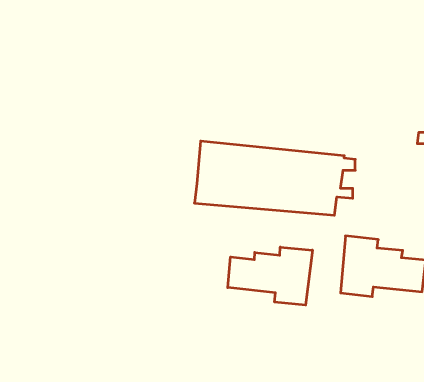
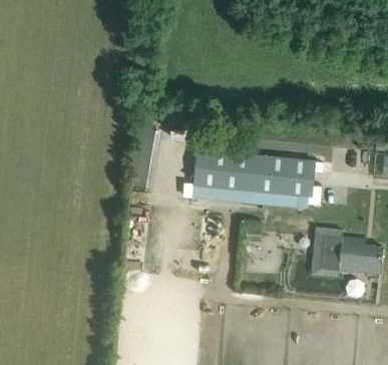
building: [228,247,312,305] -> none

